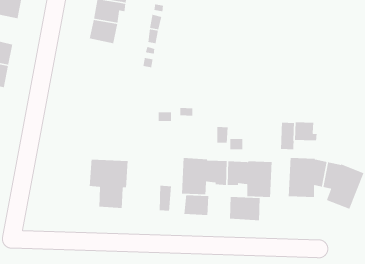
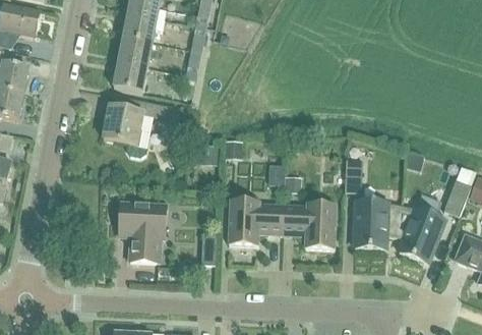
building: none -> [113,61,147,93]
building: none -> [103,97,174,157]
building: [294,121,317,141] -> none
building: [183,194,209,216] -> none
building: [229,196,261,221] -> none

